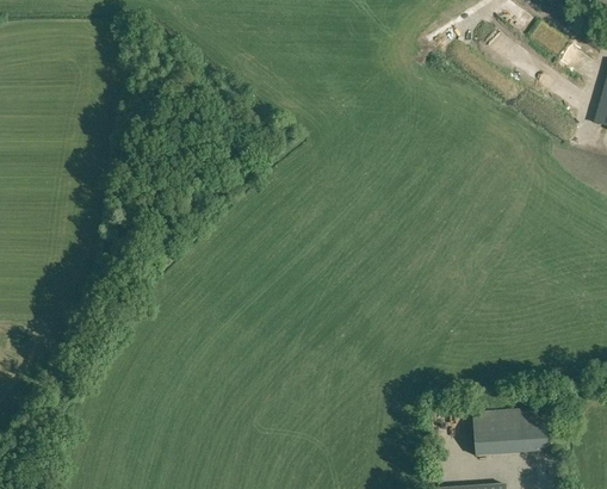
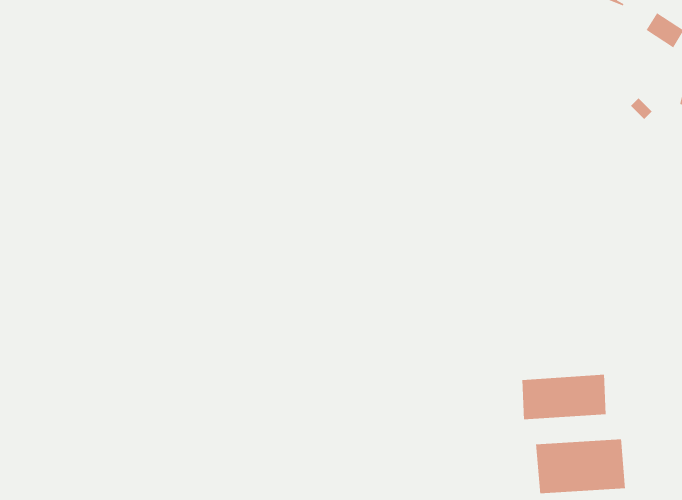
building: none -> [521,374,607,420]

